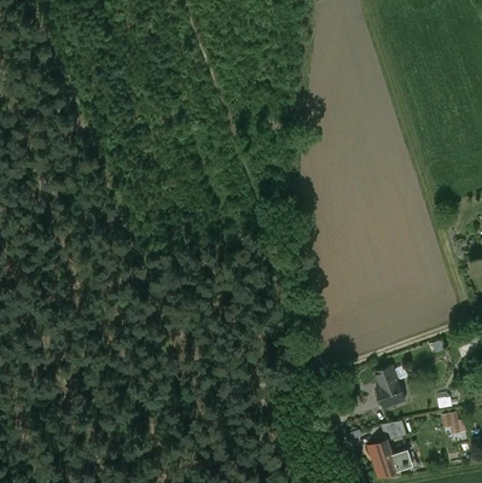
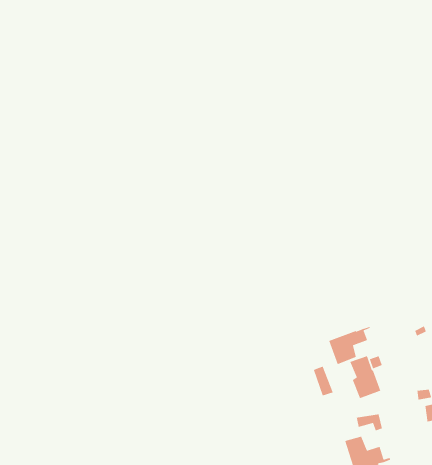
building: none -> [328,326,371,365]

